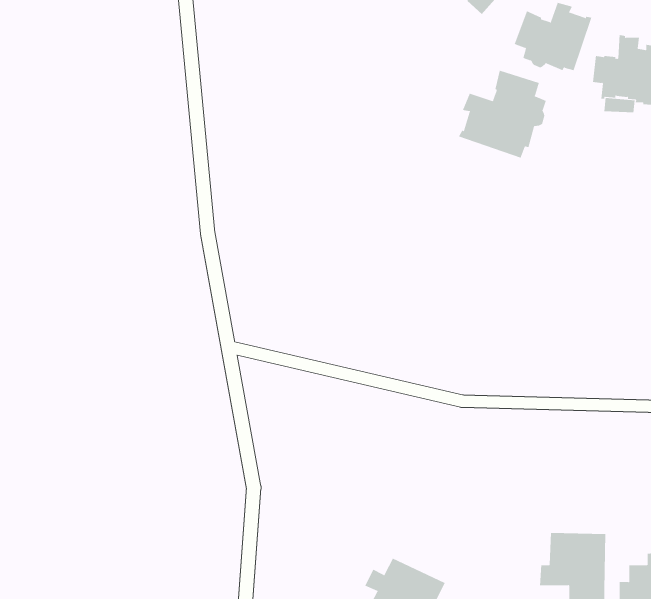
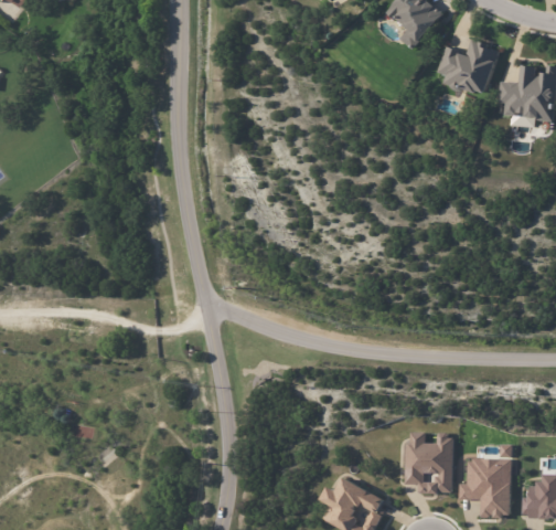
building: [458,70,547,158] -> none
building: none -> [405,433,452,494]

